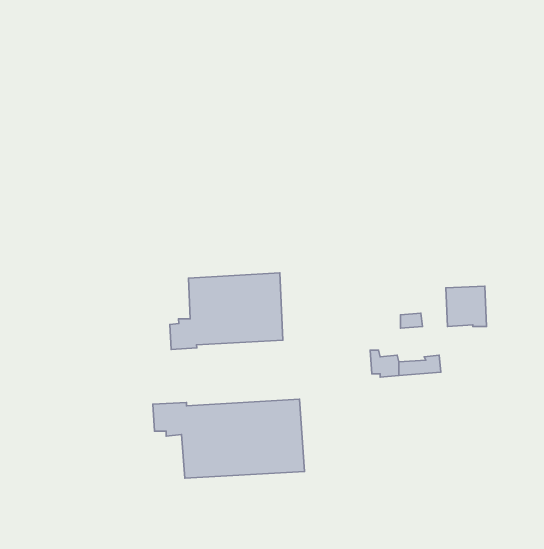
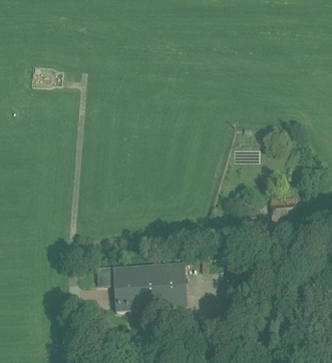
building: [170,273,283,350] -> none

